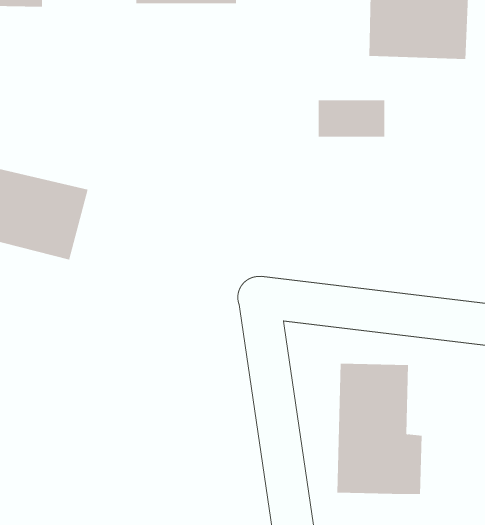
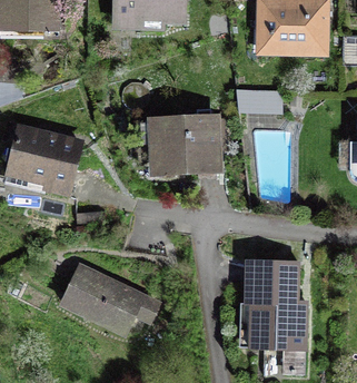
building: none -> [148,116,214,174]
building: none -> [58,265,153,333]

